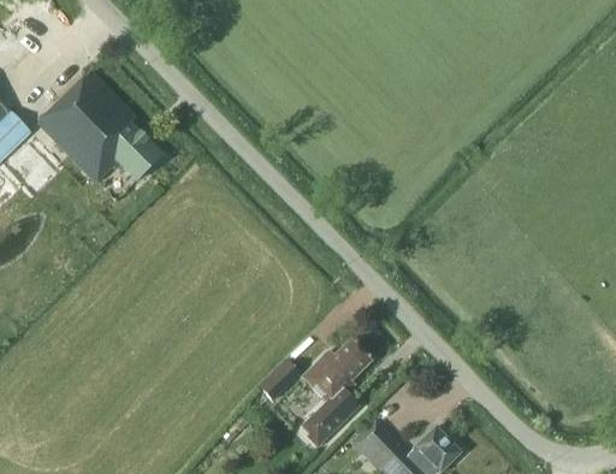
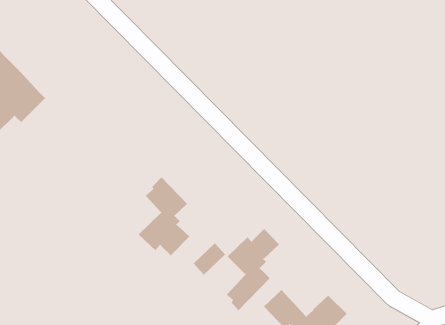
building: [38,72,161,180] -> none
building: none -> [138,176,190,256]

